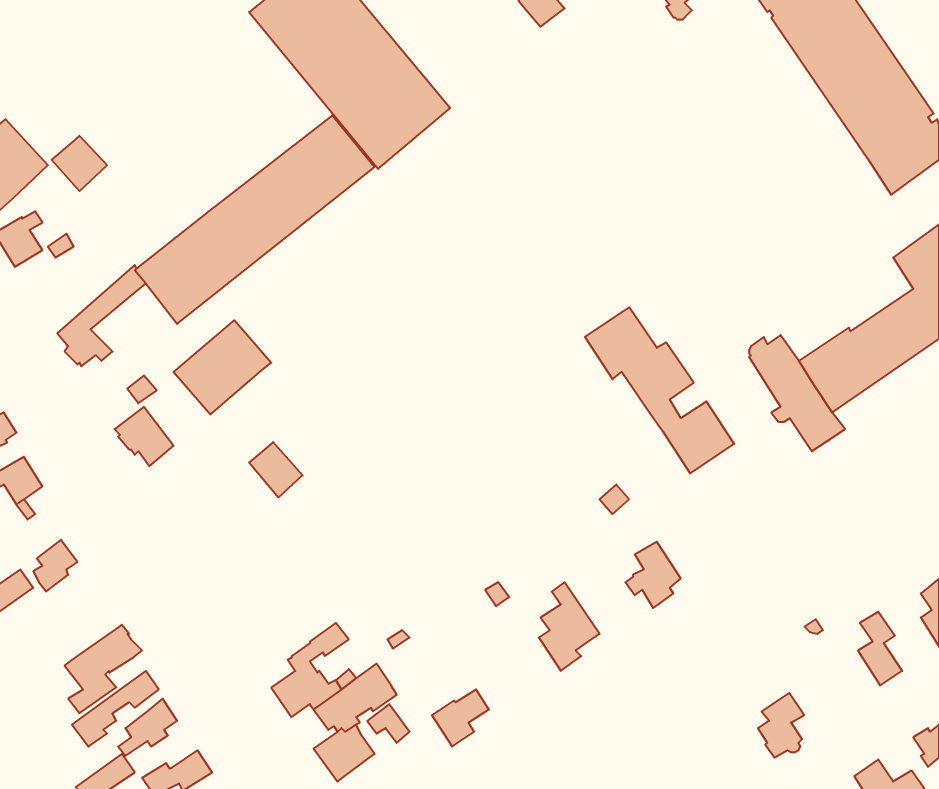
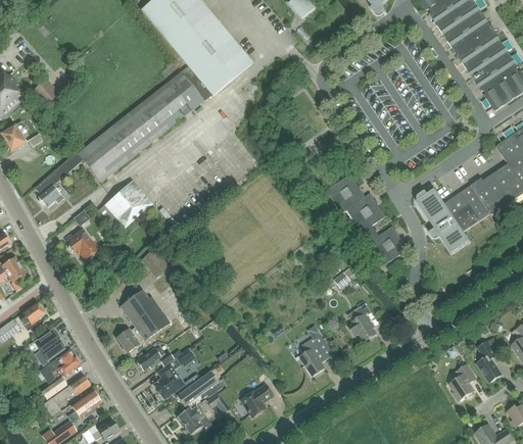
building: none -> [115,290,171,353]
building: none -> [34,328,64,360]
building: none -> [136,346,174,371]
building: [758,693,804,758] -> [449,364,475,400]

